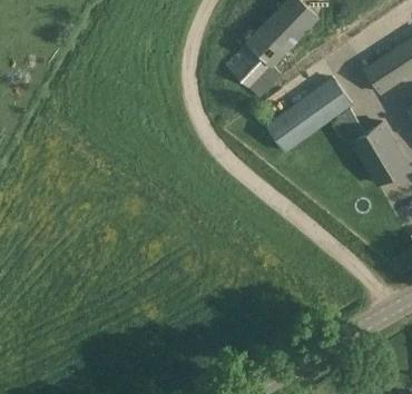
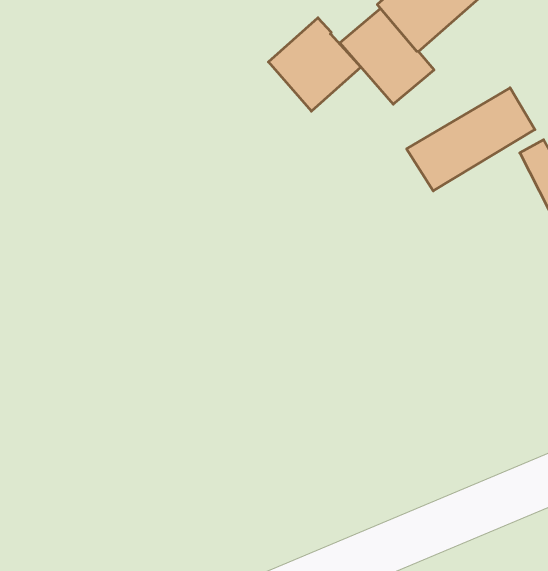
building: none -> [268,18,361,111]

